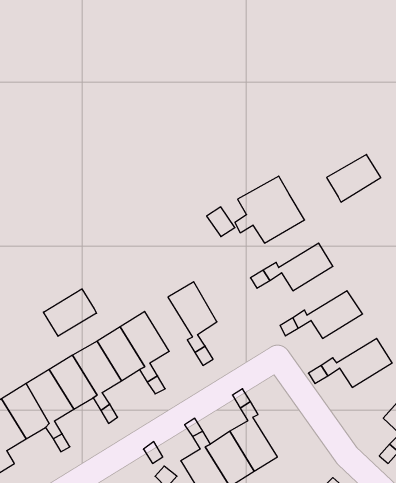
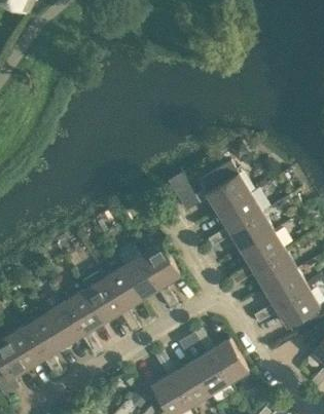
building: [327,154,381,202] -> [218,194,261,232]
building: none -> [241,231,284,270]
building: [43,289,97,336] -> none
building: none -> [122,256,160,299]
building: none -> [264,269,308,308]
building: none -> [209,340,248,383]

